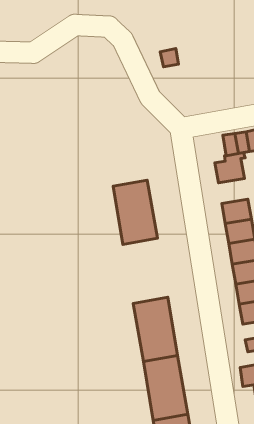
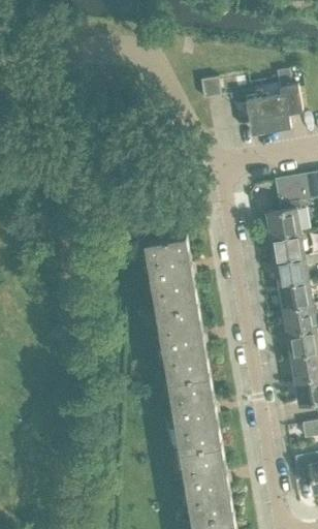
building: none -> [247,84,301,129]
building: none -> [268,231,304,261]
building: none -> [155,303,209,380]

